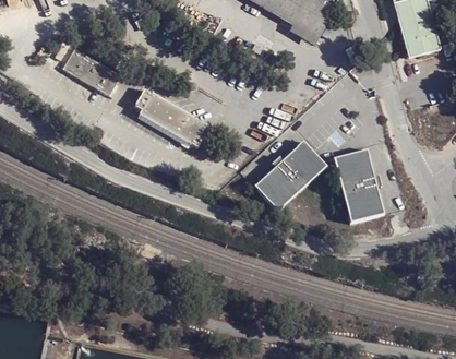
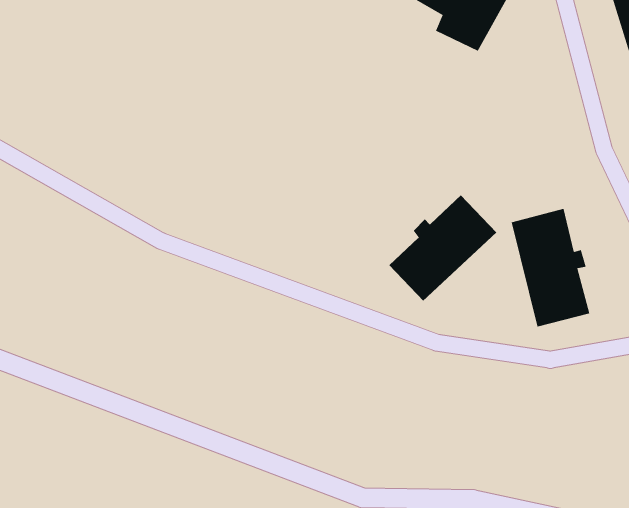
building: [60,49,118,97] -> none
building: [131,92,203,149] -> none

